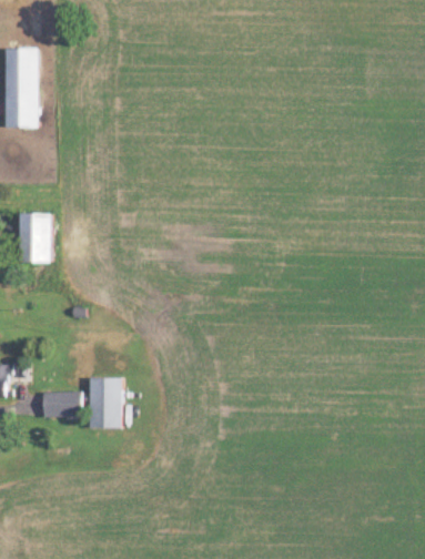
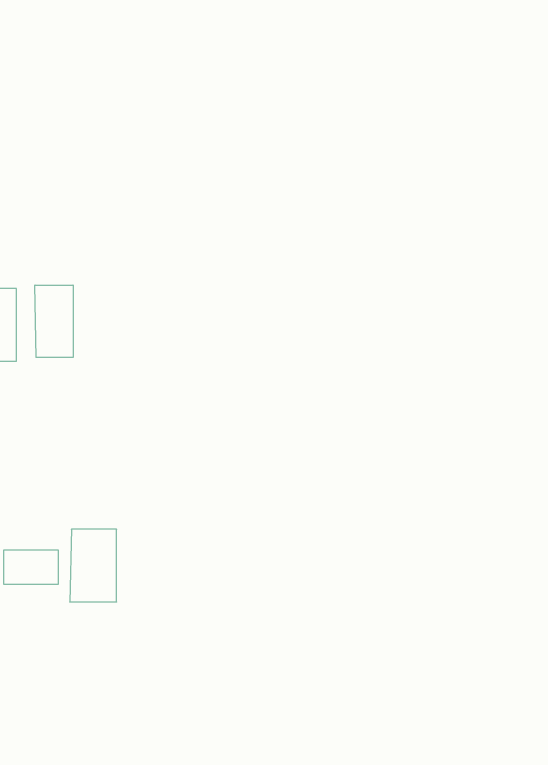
building: none -> [35,285,73,357]

